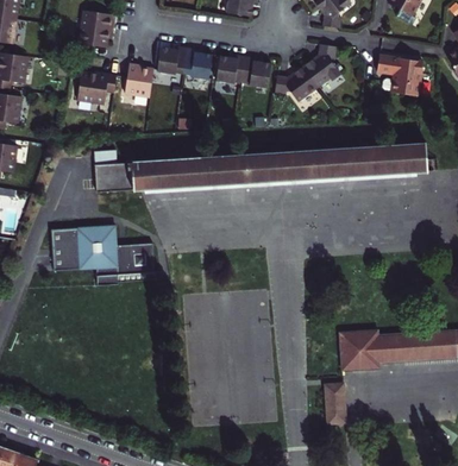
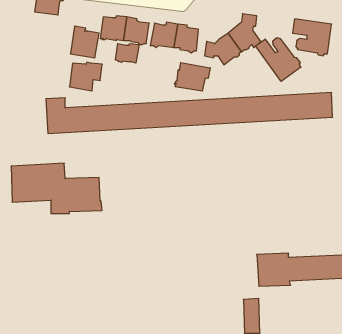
building: [83,74,121,107] -> [69,62,102,91]
building: none -> [256,38,301,81]
building: none -> [115,44,139,63]
building: none -> [175,63,210,91]

